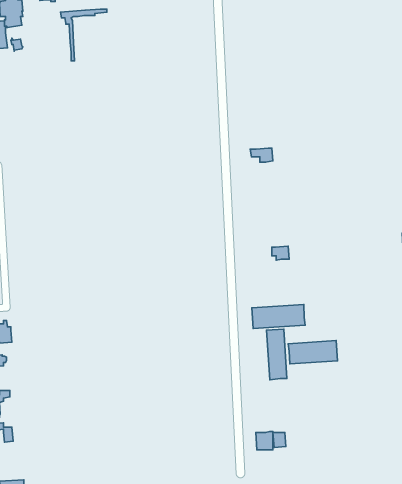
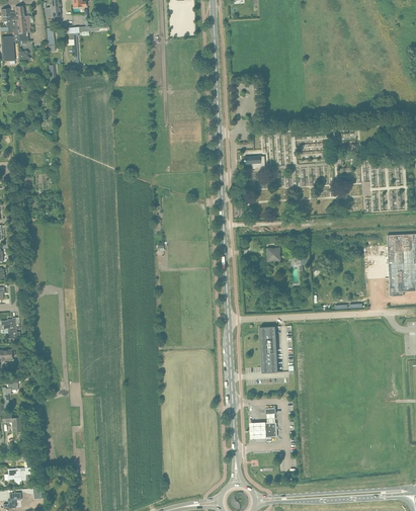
building: [252,304,305,328] -> none
building: [288,341,337,364] -> none

